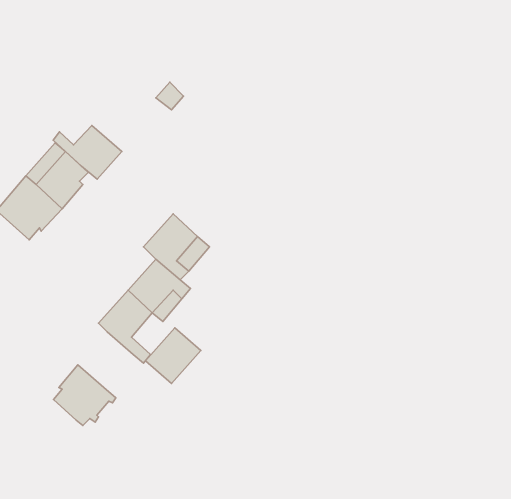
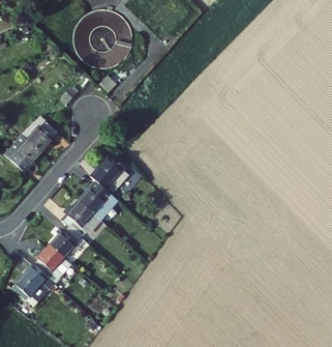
building: [53,126,122,179] -> none
building: [145,328,201,383] -> [53,224,86,257]
building: none -> [20,263,52,296]

